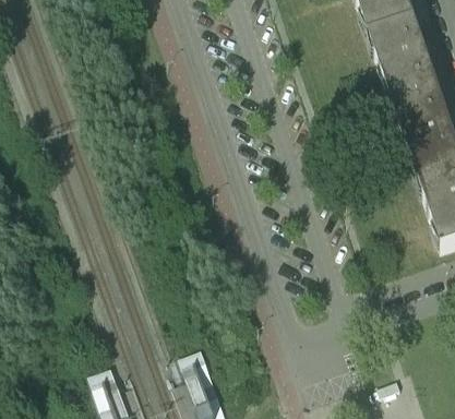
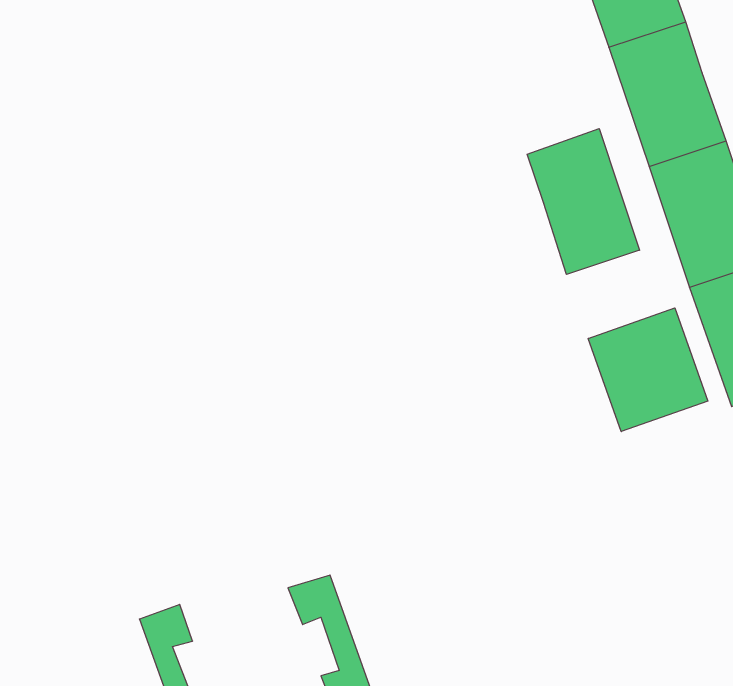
building: none -> [527,129,640,274]
building: none -> [588,308,708,432]

